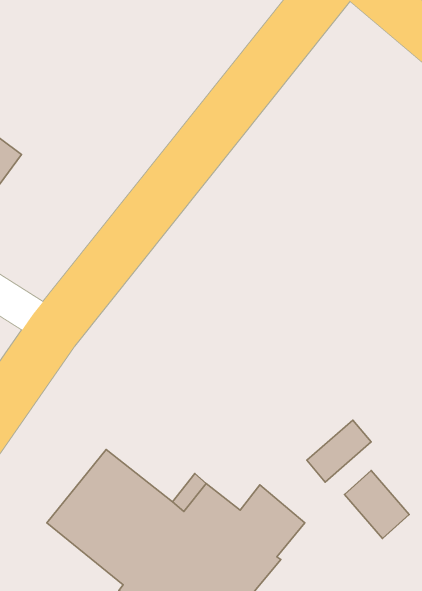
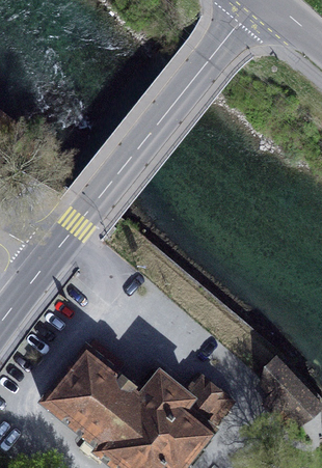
building: [307,420,371,482] -> none

